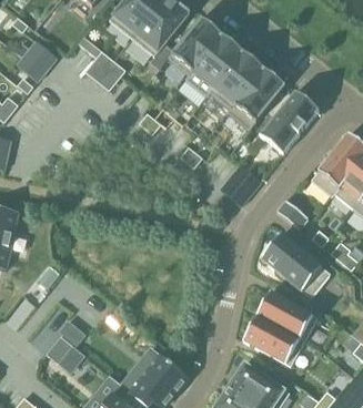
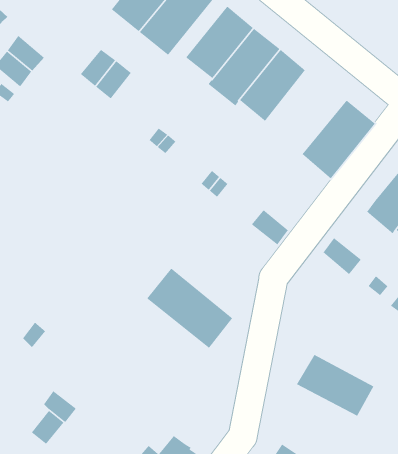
building: [226,68,285,130] -> none
building: [261,234,330,298] -> [146,267,233,349]
building: [242,316,304,366] -> none

